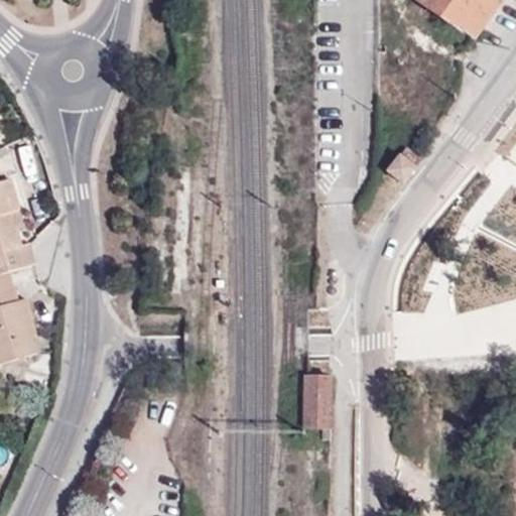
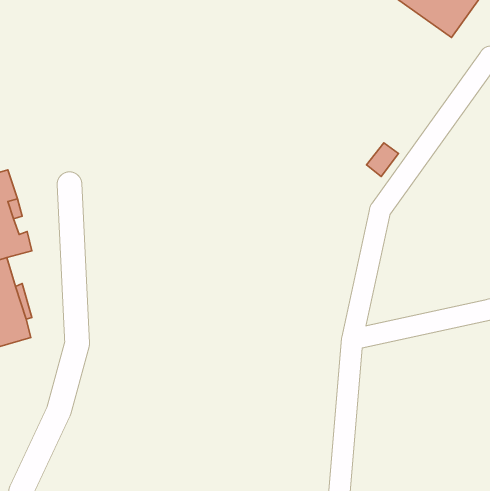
building: [302,372,333,427] -> none

